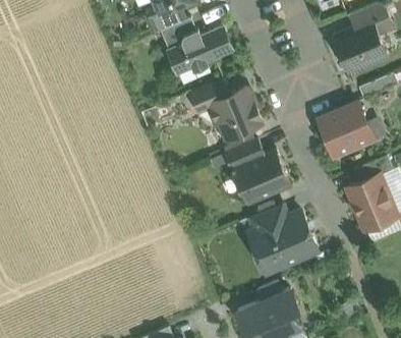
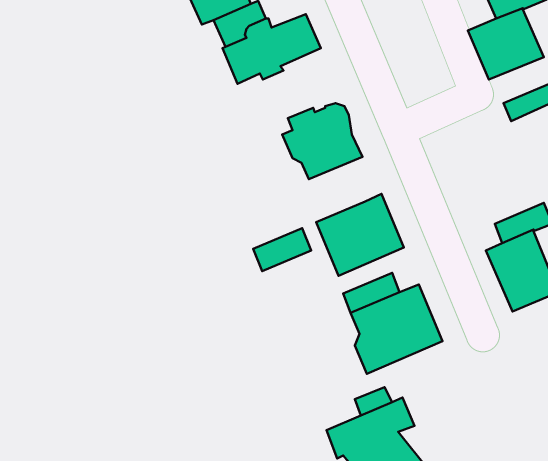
building: [189,78,228,113] -> none
building: [317,102,374,156] -> none
building: [224,139,264,169] -> [253,228,311,271]

